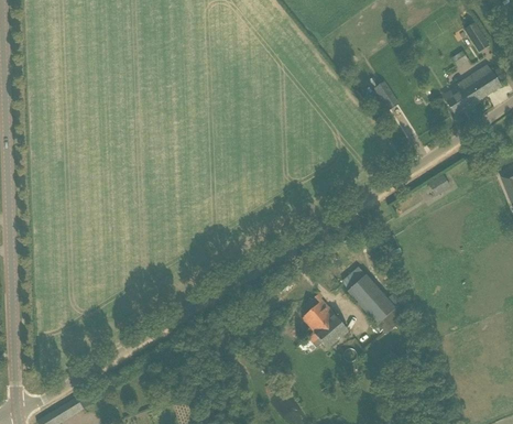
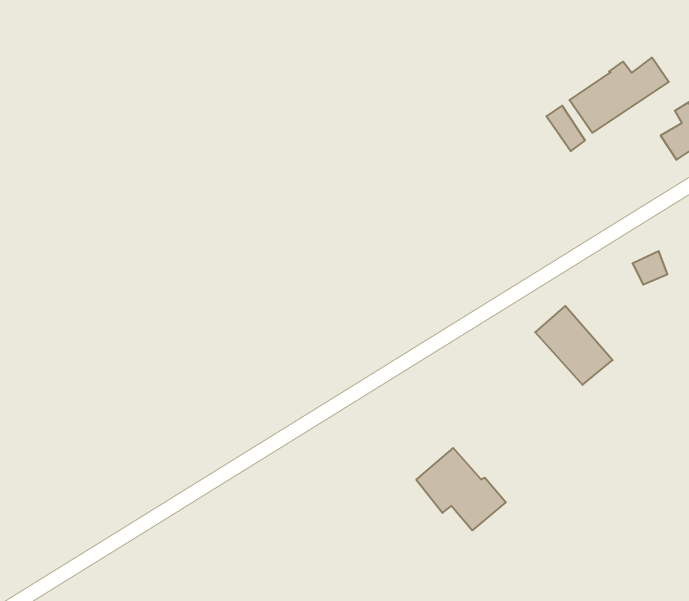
building: none -> [569,58,669,133]
building: [347,273,395,323] -> [535,306,613,385]

